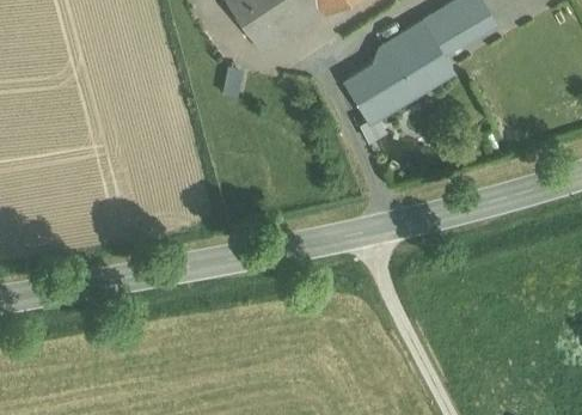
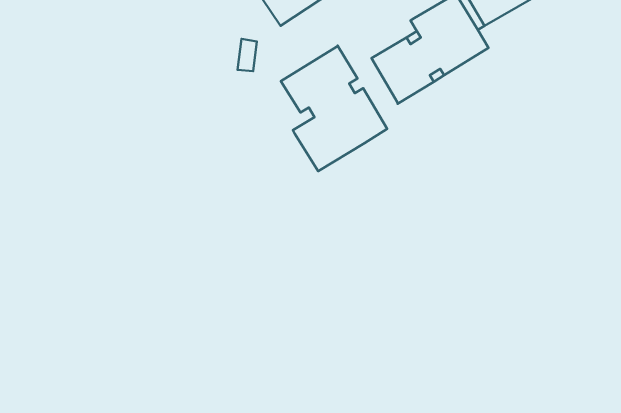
building: none -> [281,46,387,171]

